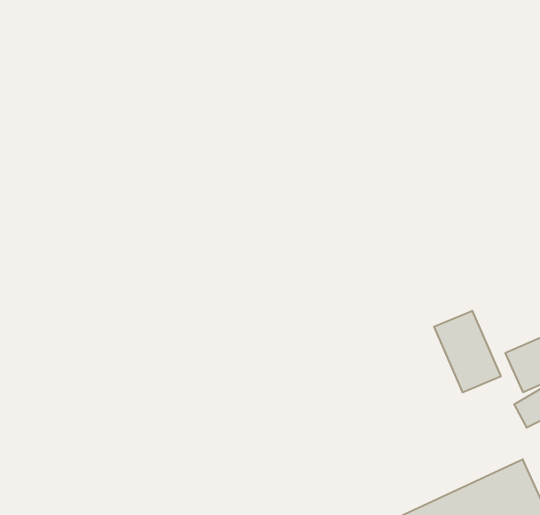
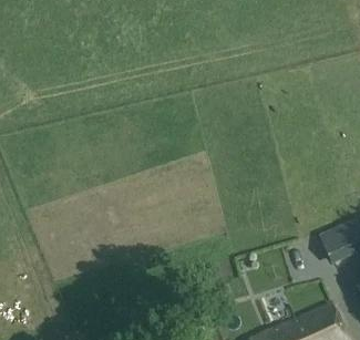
building: [434,311,501,392] -> none

